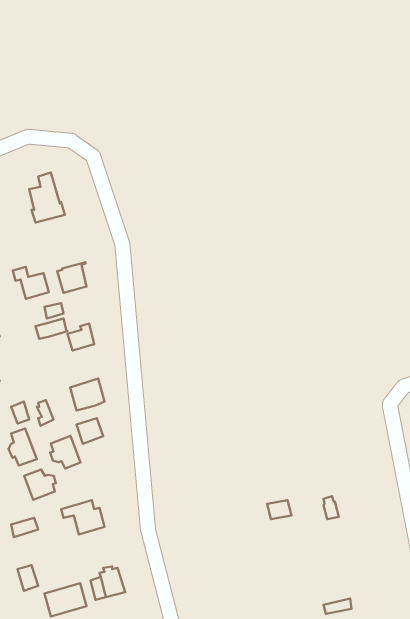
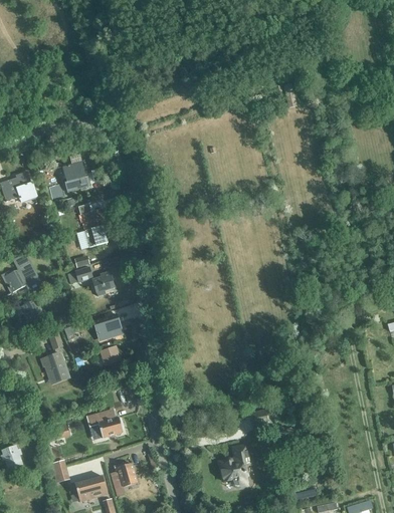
building: [13,267,49,299] -> [77,203,106,228]
building: [50,436,81,469] -> none
building: [24,469,56,500] -> none
building: none -> [220,445,248,486]

